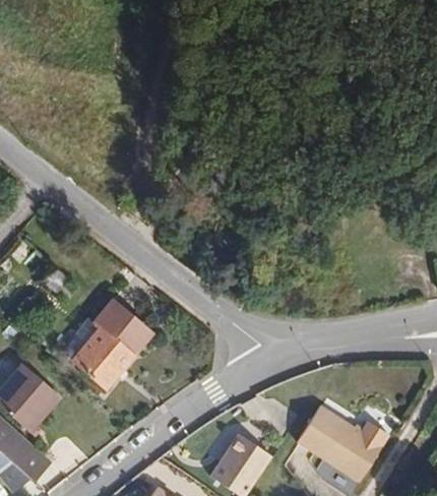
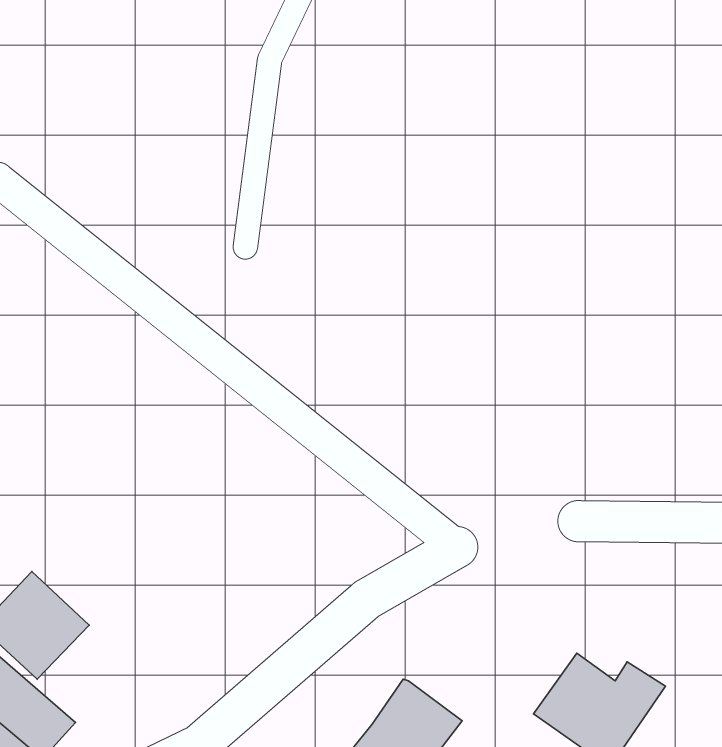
building: [67,299,151,390] -> none
building: [299,405,341,451] -> none

